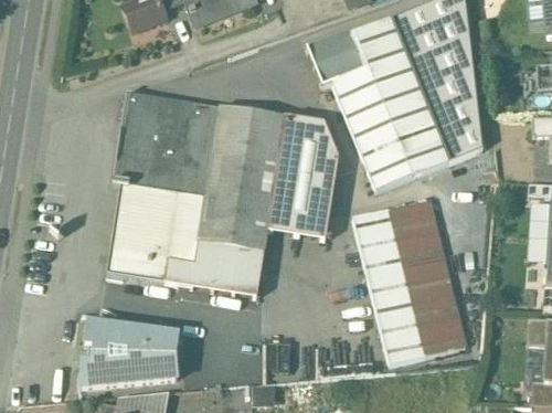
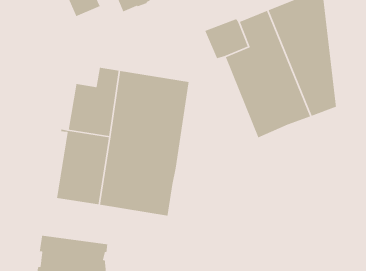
building: [113,92,164,181] -> none
building: [268,116,339,240] -> none
building: [352,200,466,366] -> none

